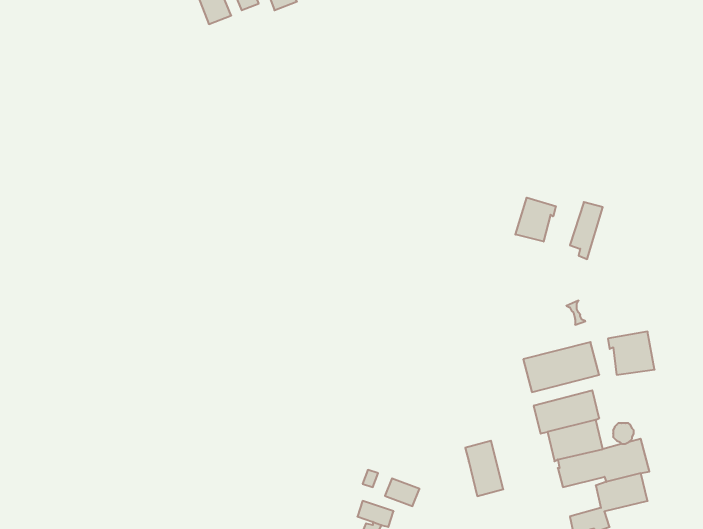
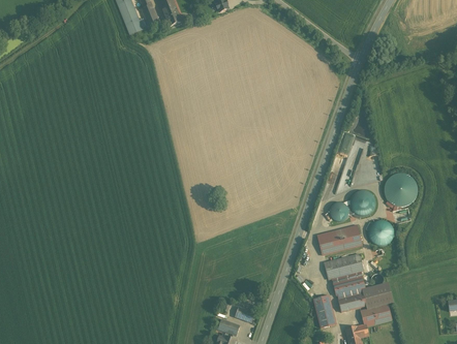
building: [515,198,556,242] -> none
building: none -> [386,171,418,205]
building: none -> [352,188,376,214]
building: [465,441,503,496] -> [312,294,335,327]

